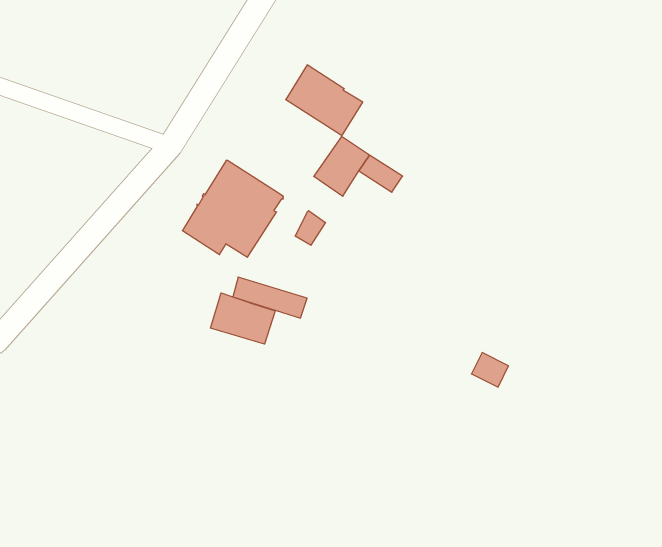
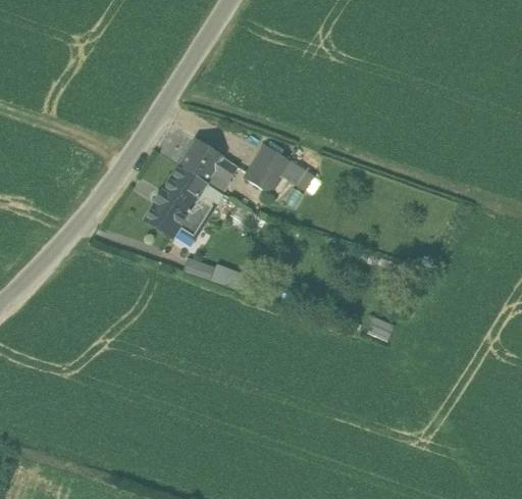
building: [286,65,363,137] -> [178,138,238,193]
building: [210,293,275,344] -> none

